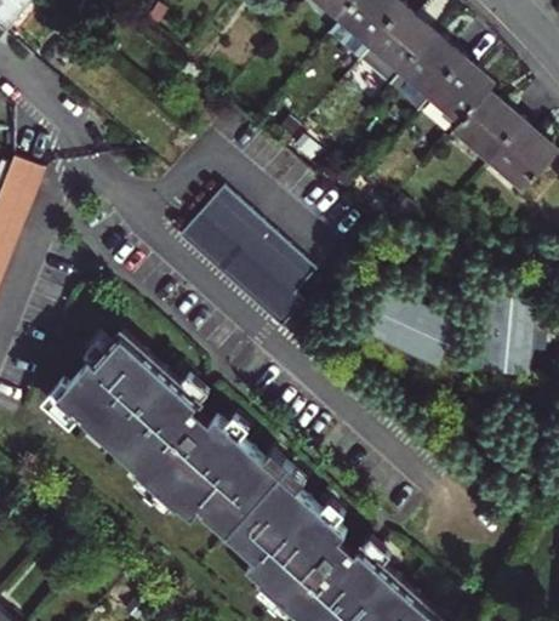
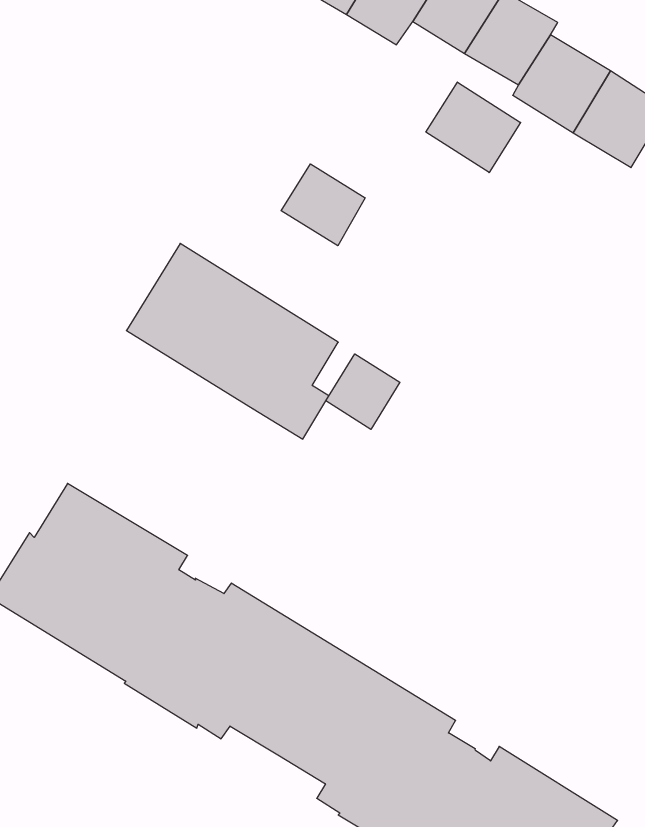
building: none -> [426,82,521,173]
building: none -> [281,164,365,246]
building: none -> [326,354,400,429]

